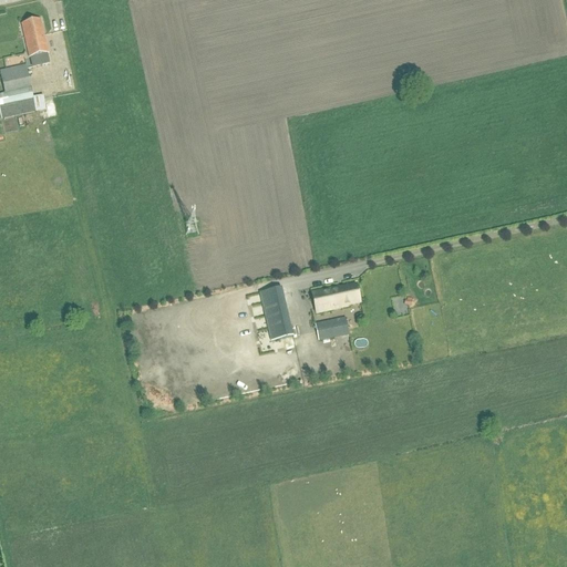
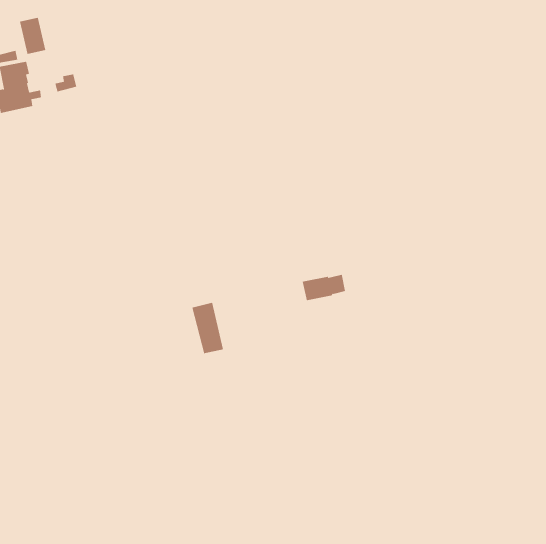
building: [260,287,293,340] -> [192,302,224,354]
building: [313,317,348,339] -> none

